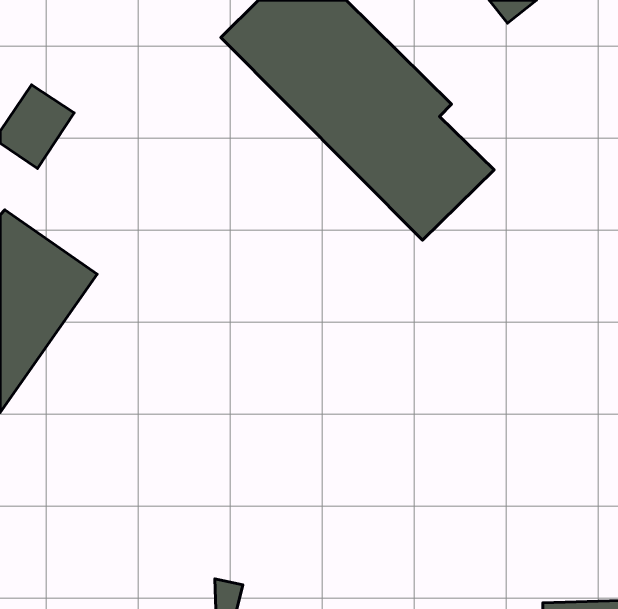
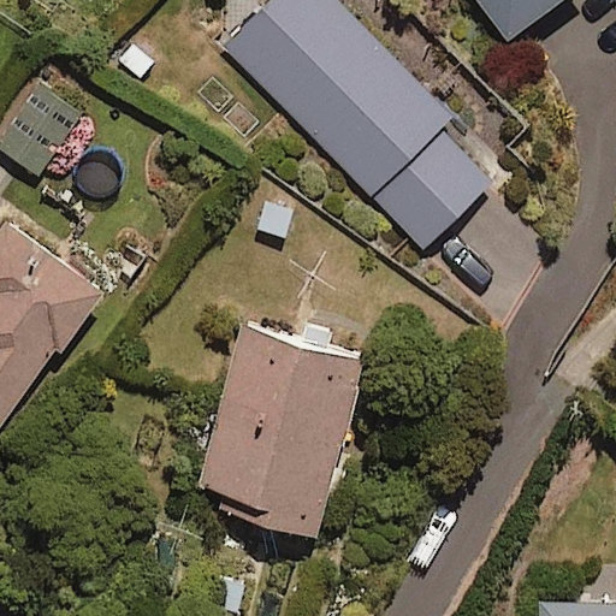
building: none -> [197,320,365,534]

